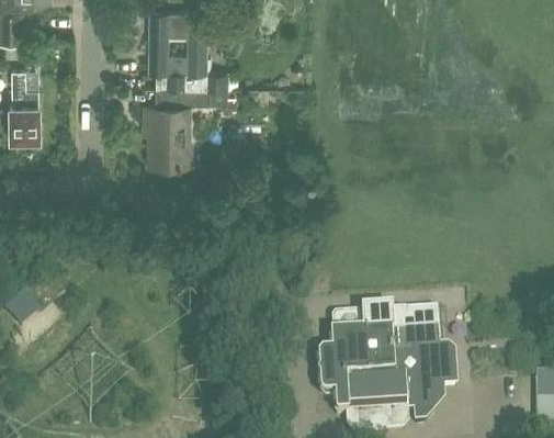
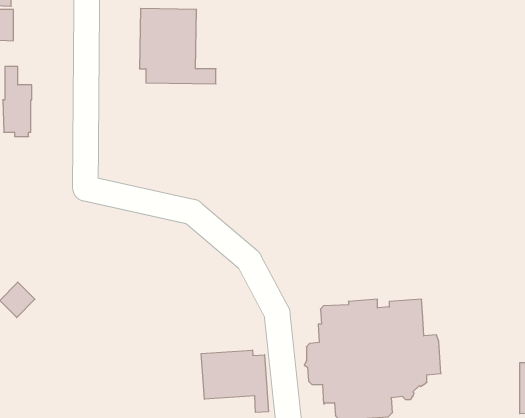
building: [144,88,236,165] -> none
building: none -> [201,350,268,412]

